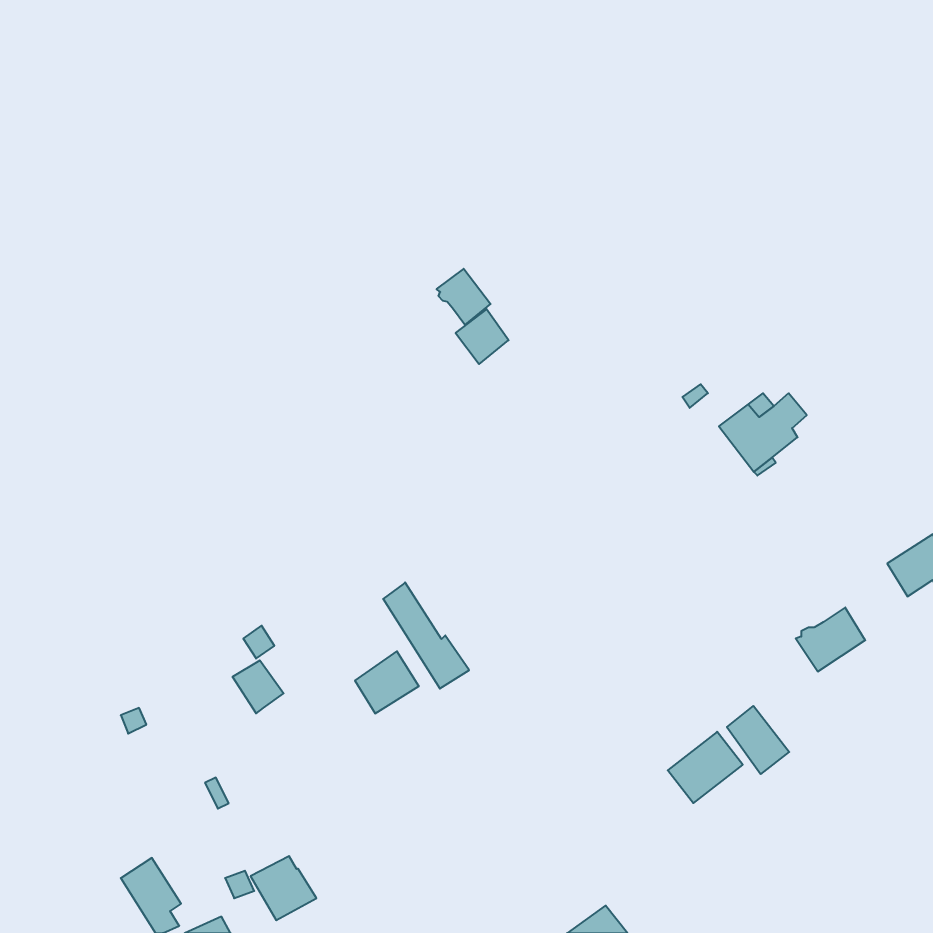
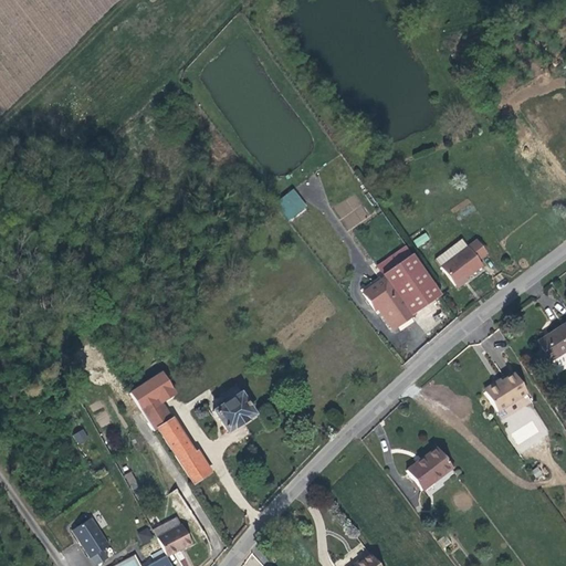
building: [437,269,491,325] -> none
building: none -> [368,252,442,327]
building: [383,582,469,689] -> [160,418,212,482]
building: [727,706,789,774] -> none

